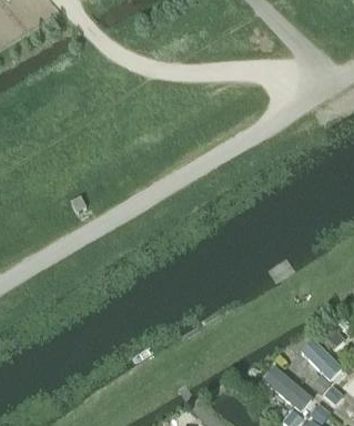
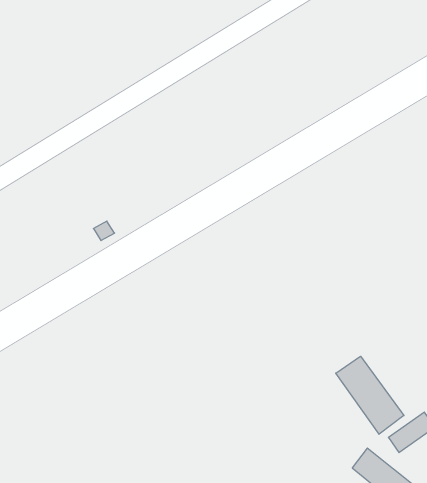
building: none -> [336,356,404,434]

